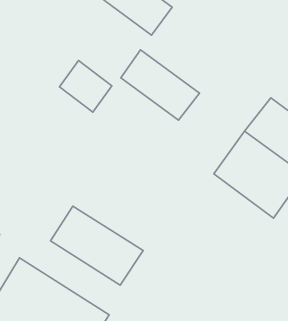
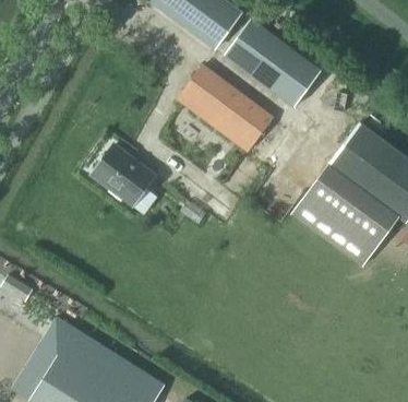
building: none -> [225,19,322,106]
building: [59,61,112,112] -> [93,144,156,206]
building: [51,206,143,285] -> none

